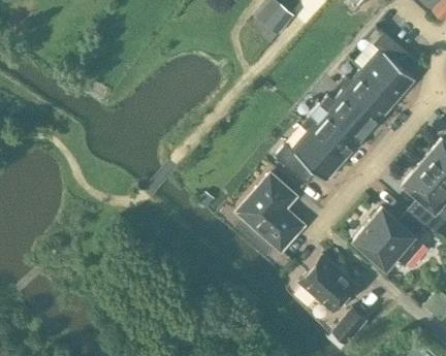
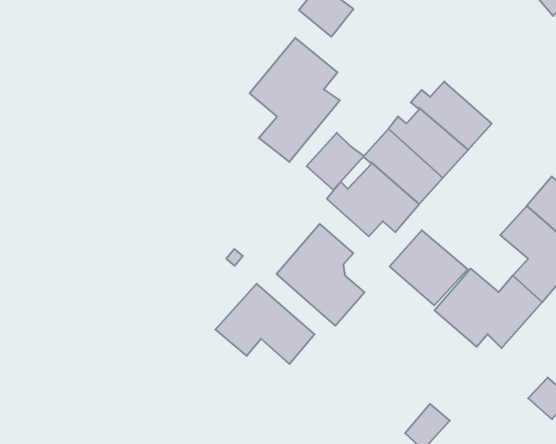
building: [361,33,415,101] -> none
building: none -> [250,38,340,162]
building: none -> [307,133,364,190]
building: none -> [215,284,315,364]
building: [298,256,356,312] -> [390,230,468,305]

